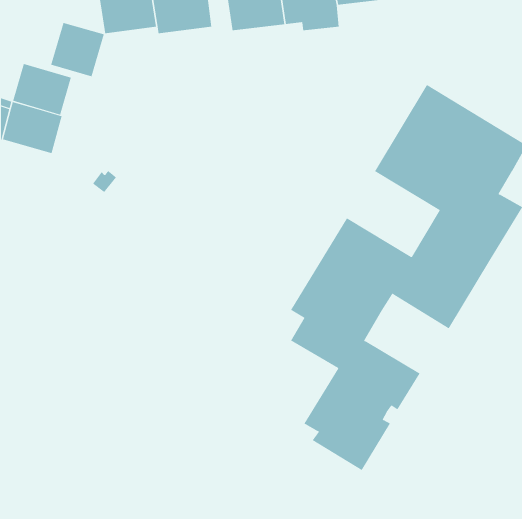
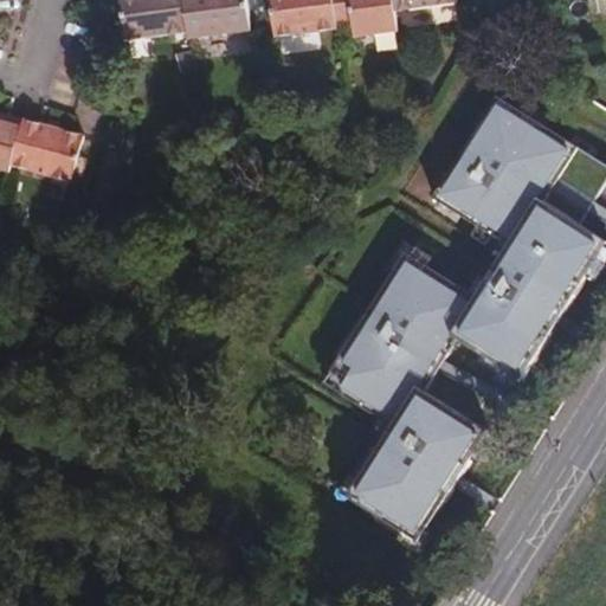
building: [50,22,105,77] -> none
building: [12,63,71,115] -> none

